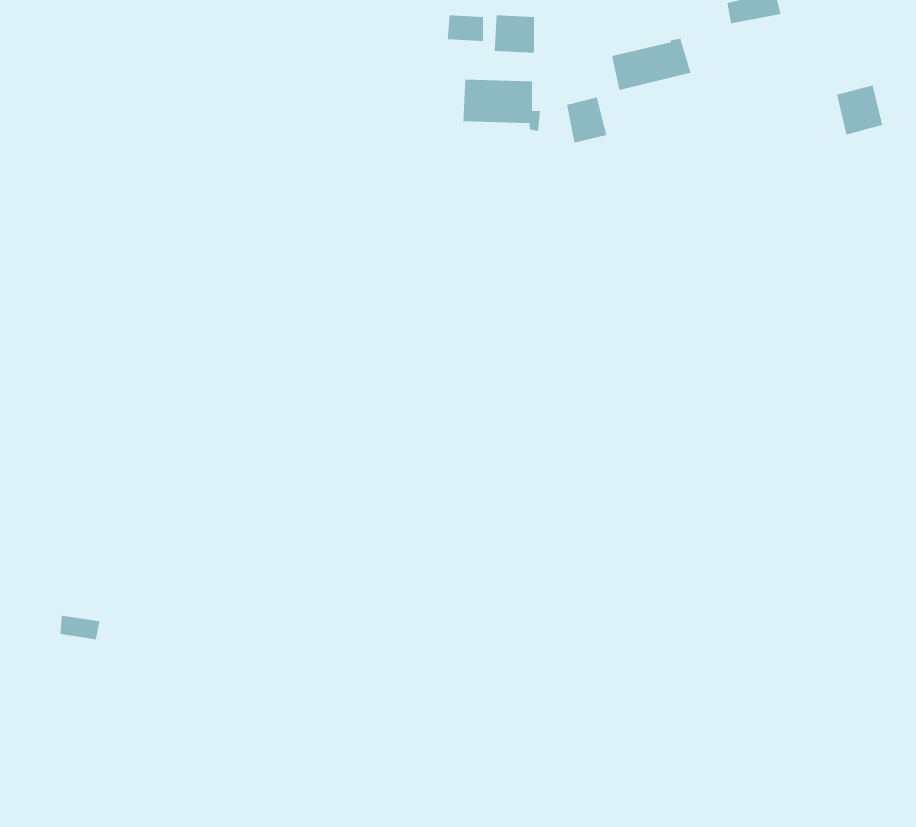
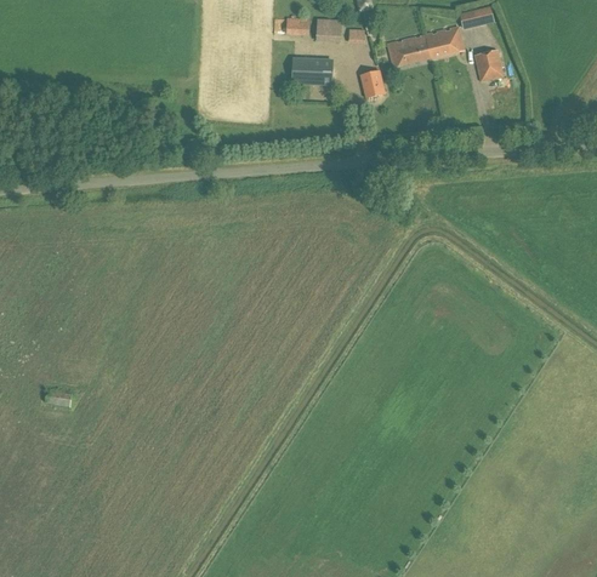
building: none -> [432,27,464,55]
building: [836,85,883,135] -> [474,50,504,81]

